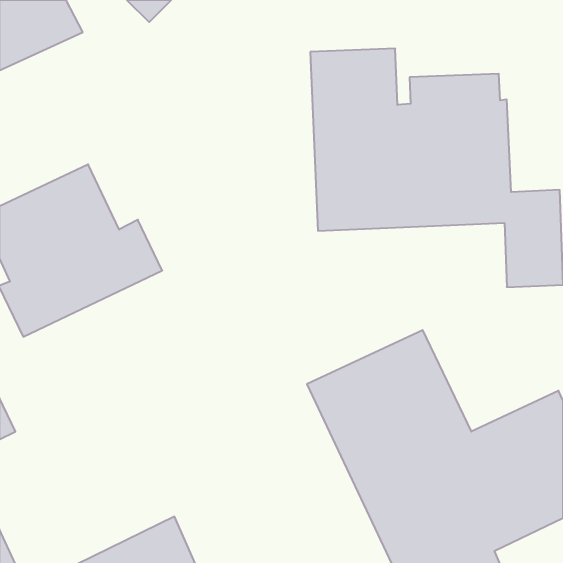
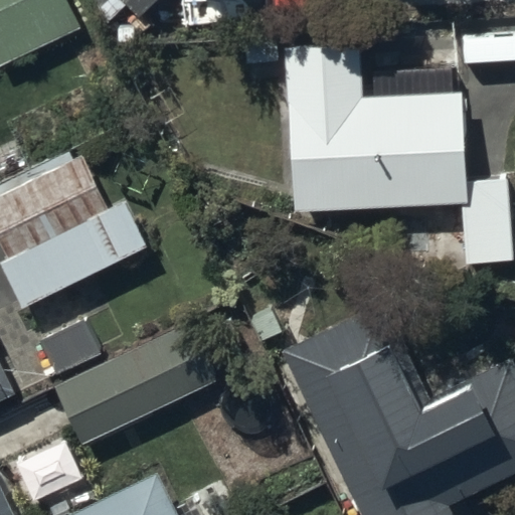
building: none -> [53,317,224,444]

